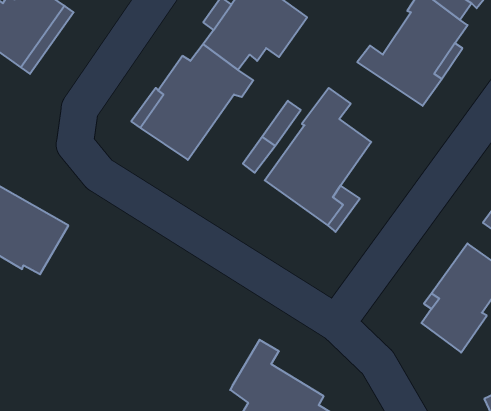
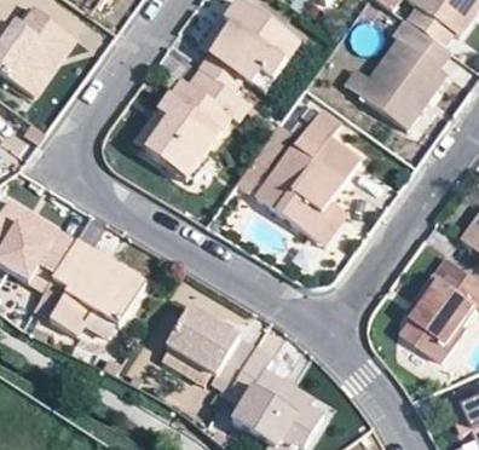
building: none -> [41,240,144,335]
building: none -> [163,308,253,390]

